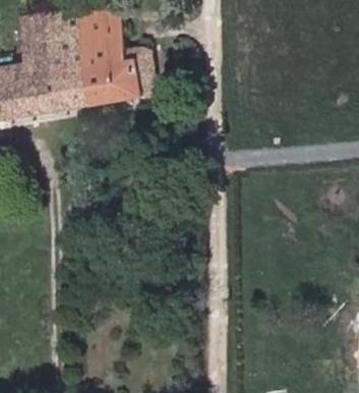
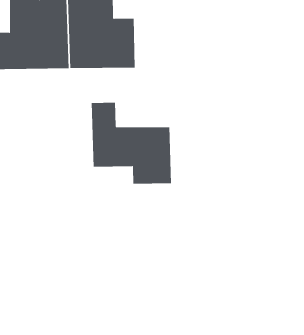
building: none -> [91,102,171,185]

